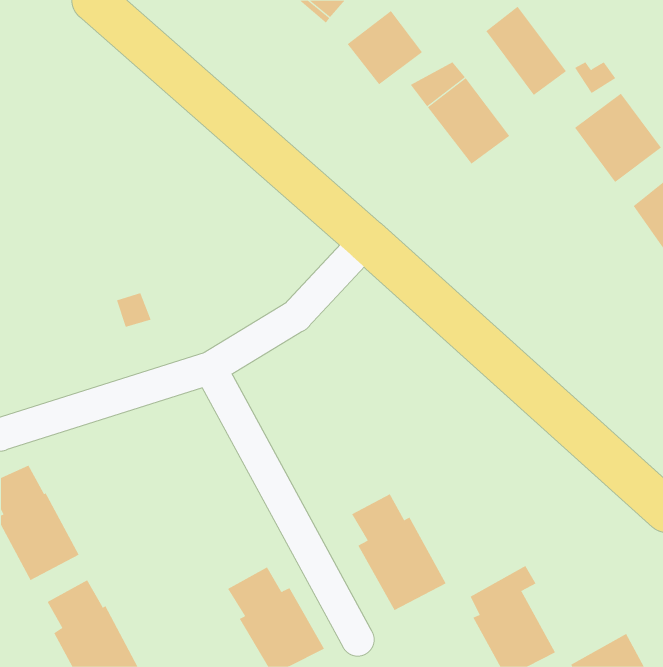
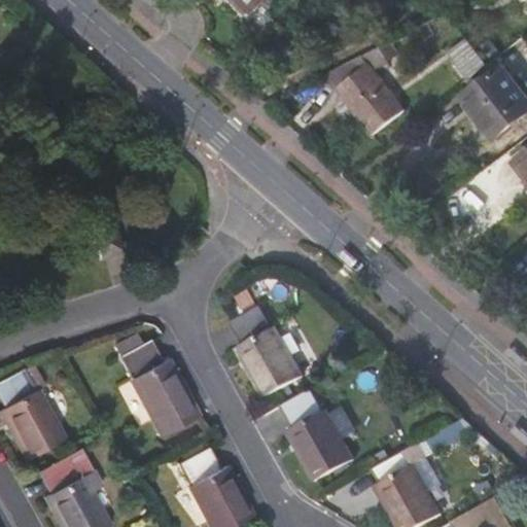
building: [485,6,567,96] -> none
building: [347,10,423,85] -> none
building: none -> [229,306,301,397]
building: none -> [119,338,200,434]

